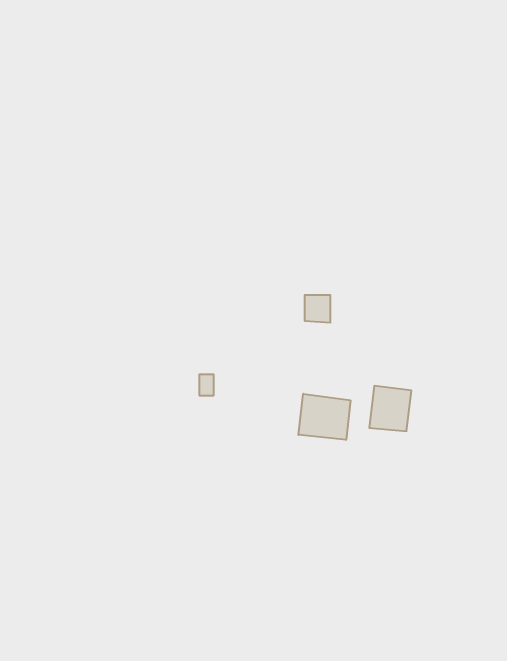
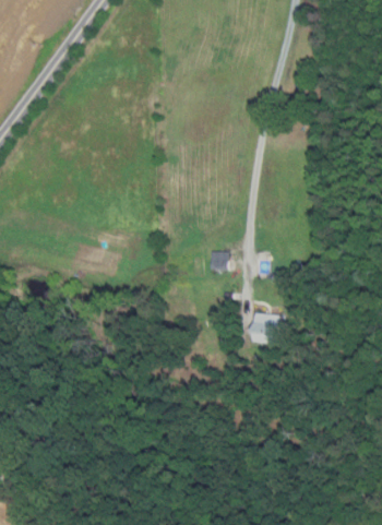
building: [298,394,350,440] -> none

